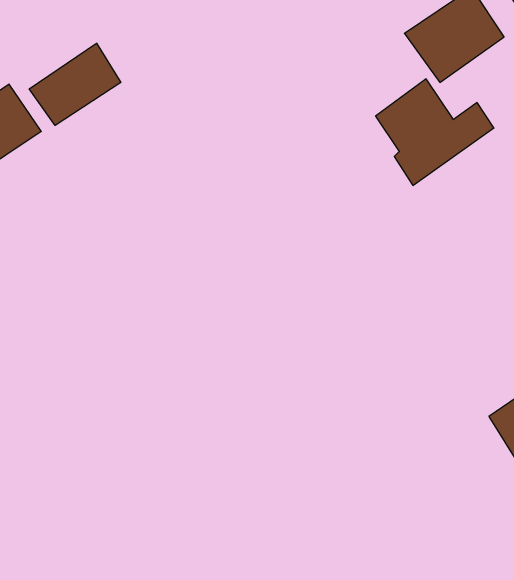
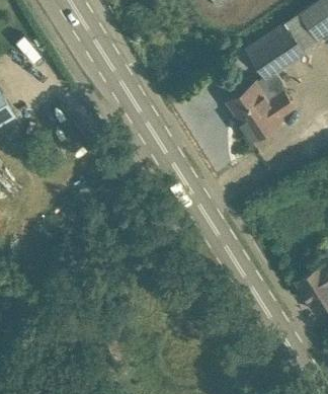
building: [29,43,121,125] -> none

